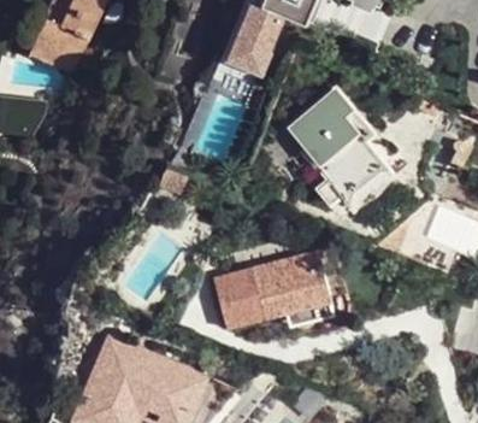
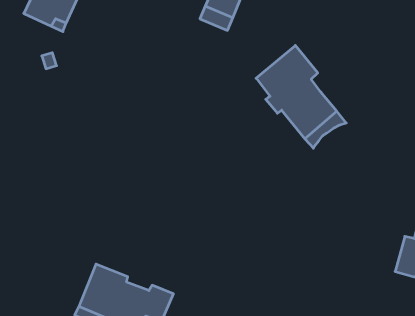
building: [213,252,334,327] -> none

